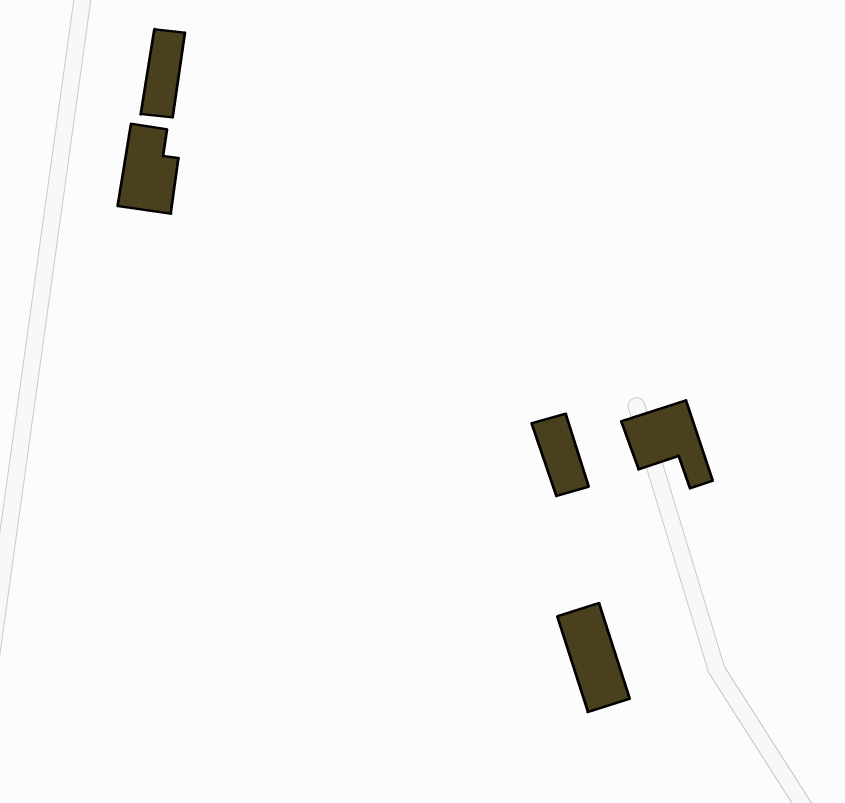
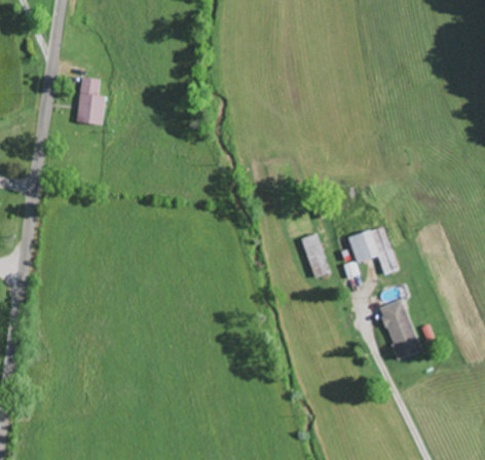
building: [141,29,185,117] -> none
building: [557,603,630,712] -> [380,299,419,357]

